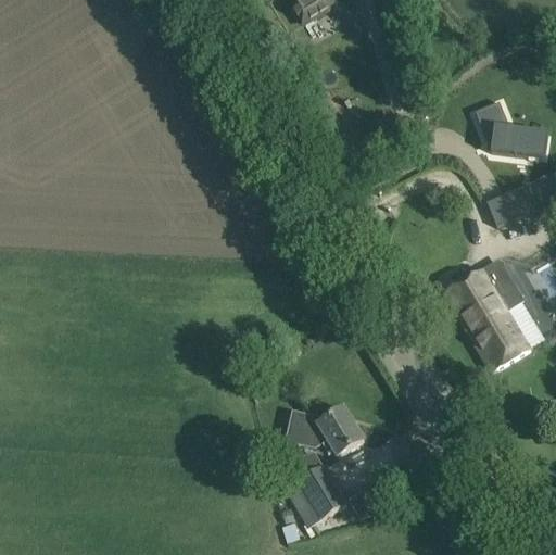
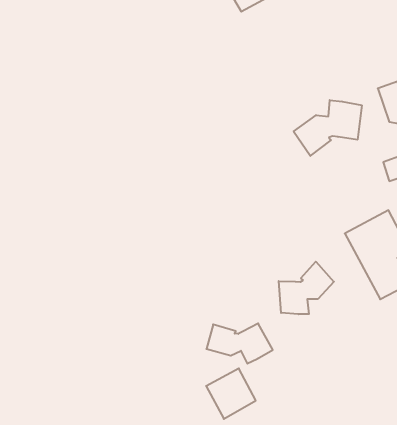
building: none -> [294,100,362,156]
building: none -> [279,262,334,314]

